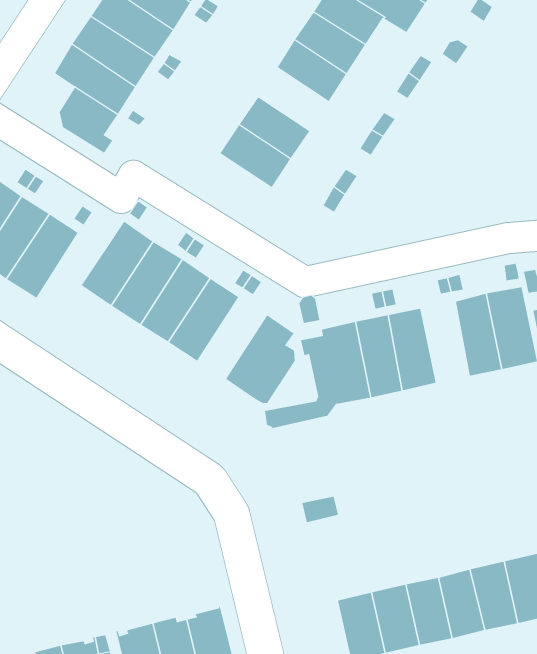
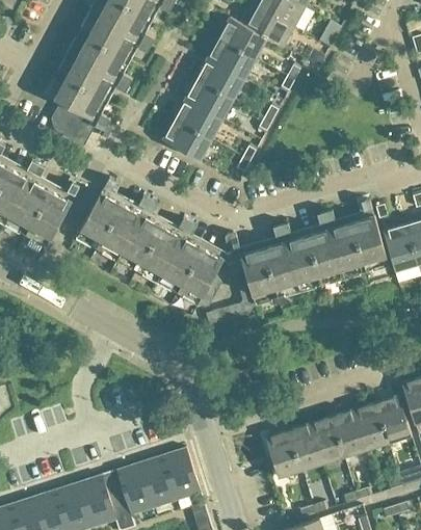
building: none -> [186,77,235,118]
building: none -> [159,235,204,291]
building: none -> [308,227,344,283]

